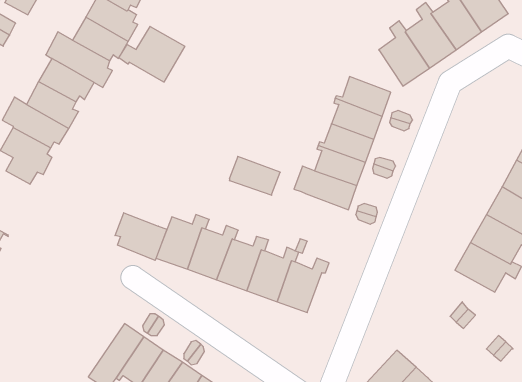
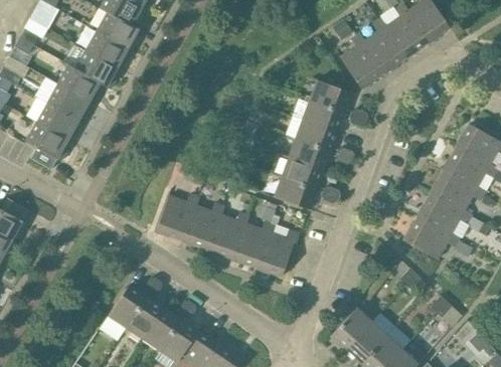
building: [119,26,185,82] -> none
building: [229,156,280,195] -> [273,177,315,209]
building: [115,213,167,260] -> none

